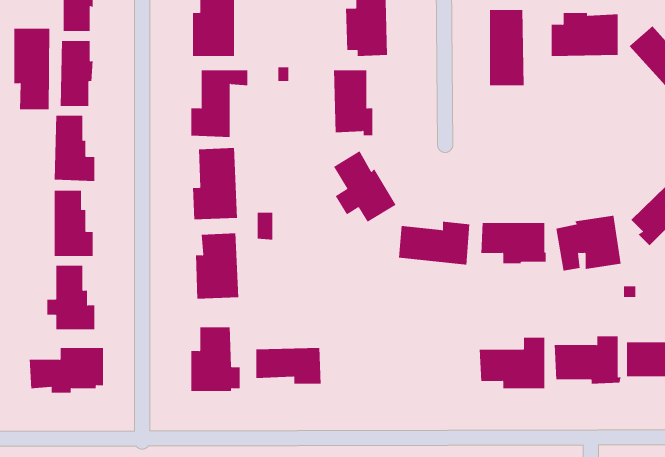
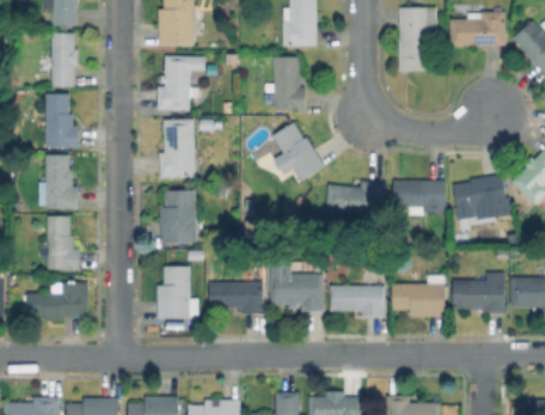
building: [14,28,50,110] -> none
building: none -> [270,257,324,312]
building: none -> [330,287,385,318]

